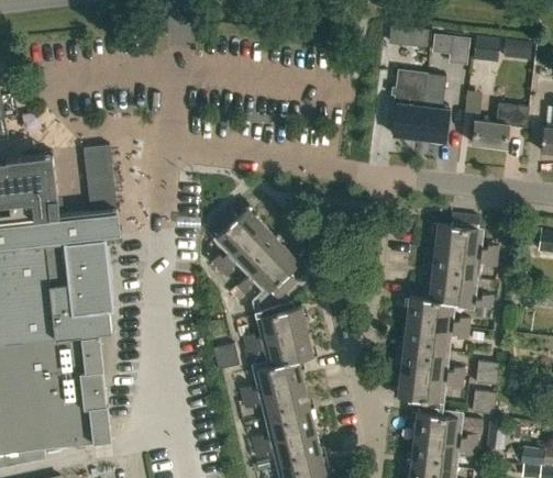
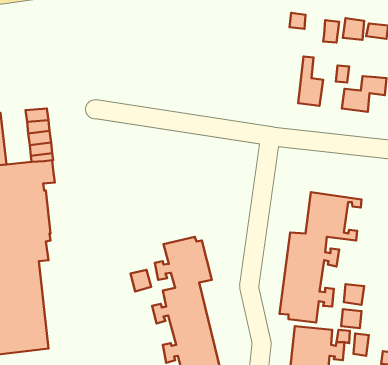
building: [392,71,425,138] -> none
building: [208,207,298,299] -> none
building: [434,213,498,257] -> none

